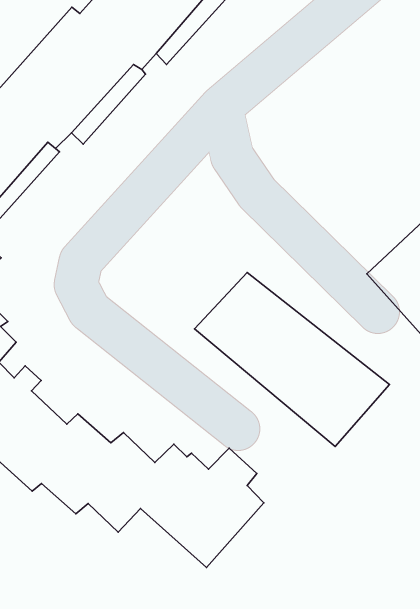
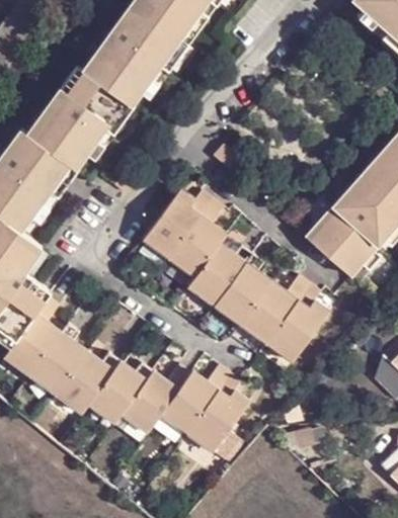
building: none -> [141,190,230,276]

